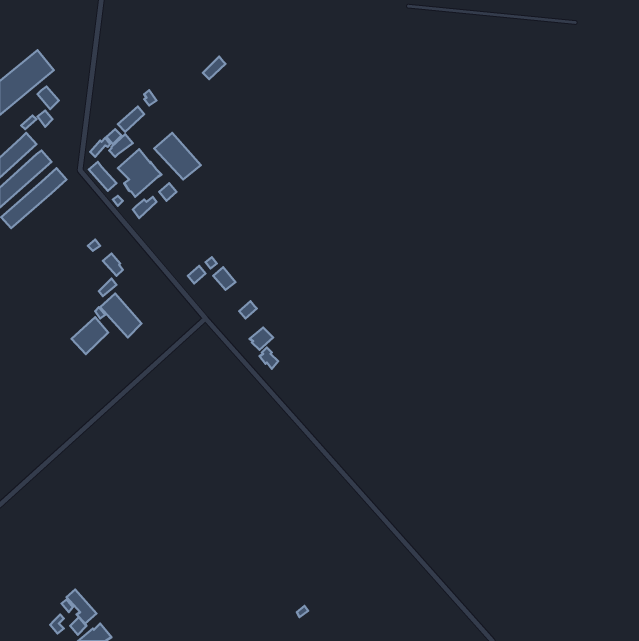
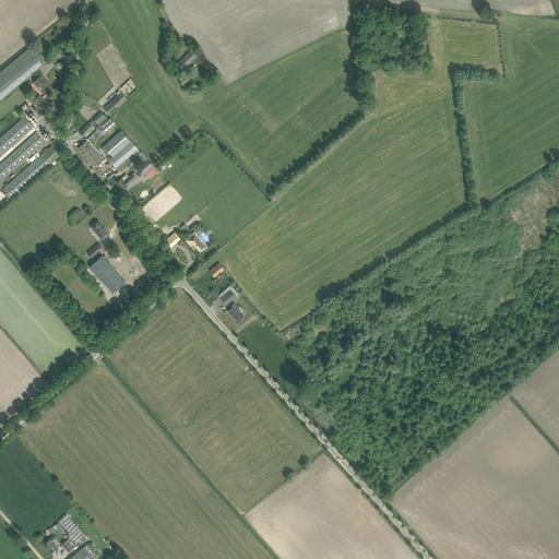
building: [154,133,201,180] -> none
building: [72,317,108,354] -> none

